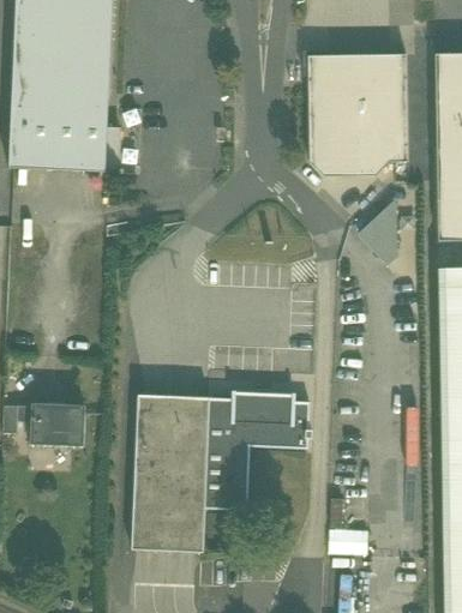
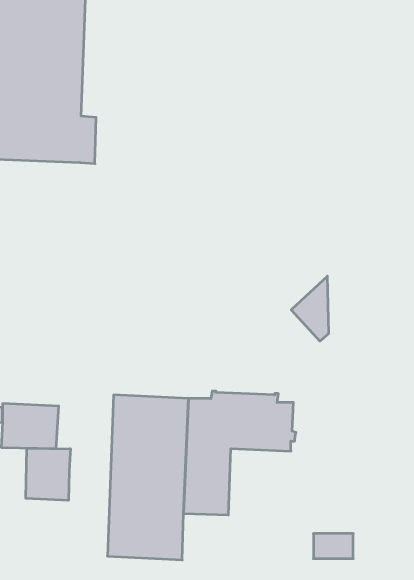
building: [308,53,408,175] -> none
building: [360,200,396,263] -> [291,276,329,341]
building: none -> [26,448,70,500]

